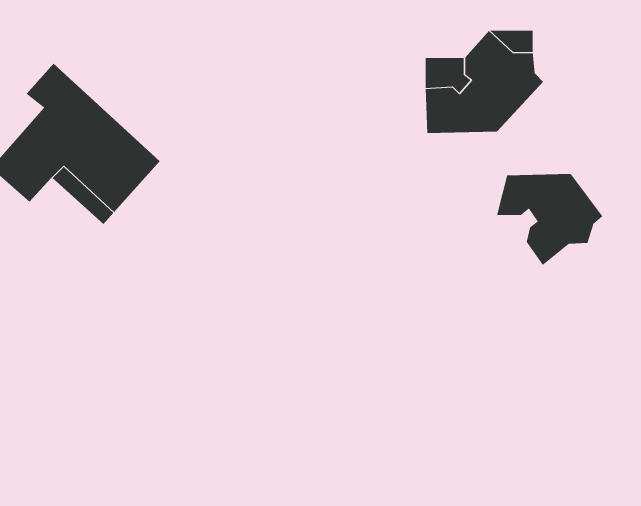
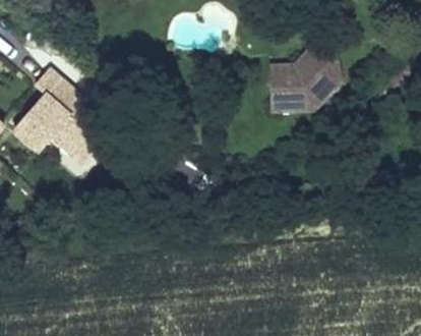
building: [496,173,603,266] -> none

